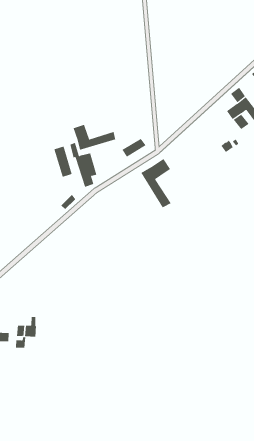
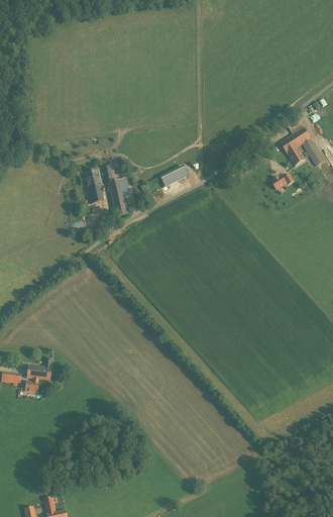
building: [73,124,116,151] -> none
building: [140,158,171,208] -> none

